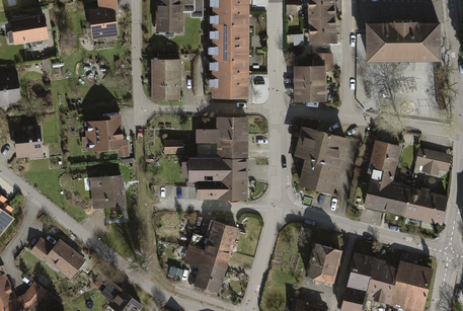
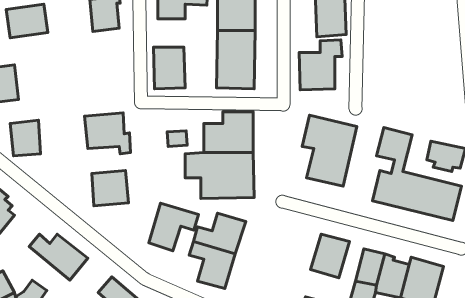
building: [370,25,440,61] -> none
building: none -> [149,203,198,251]

